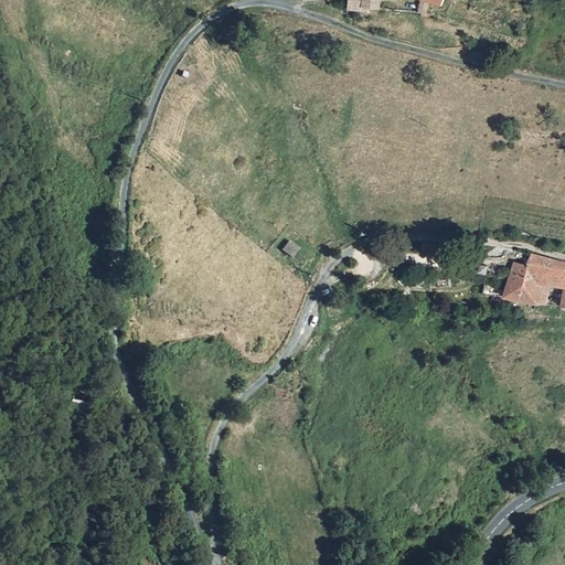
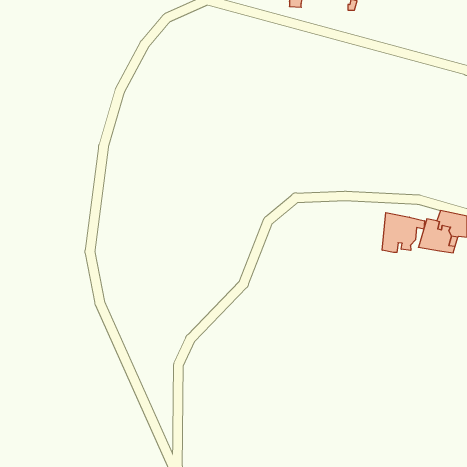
building: none -> [382,213,425,252]

